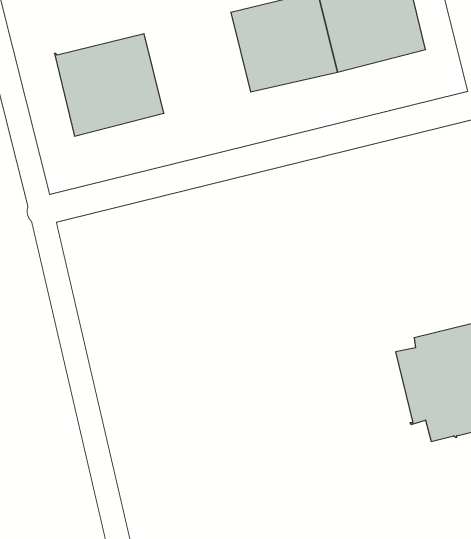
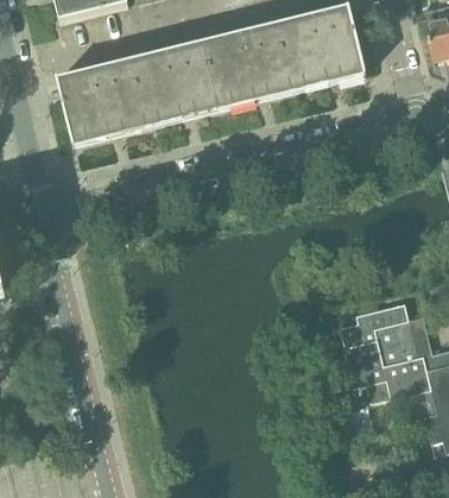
building: none -> [131,42,220,126]

